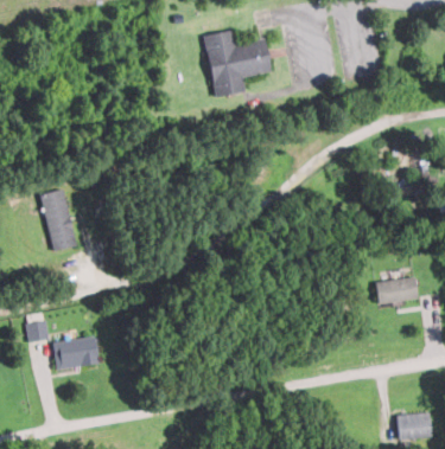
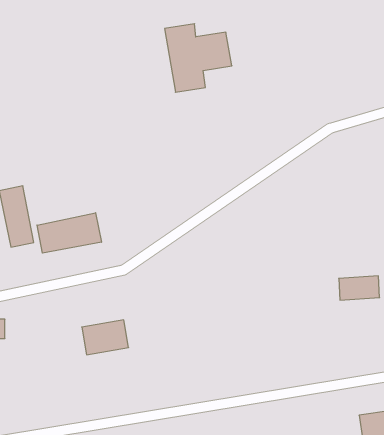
building: none -> [37,213,101,253]
building: [52,335,98,370] -> [82,320,129,355]

